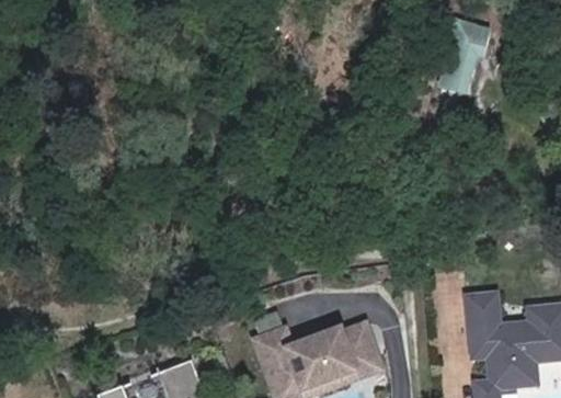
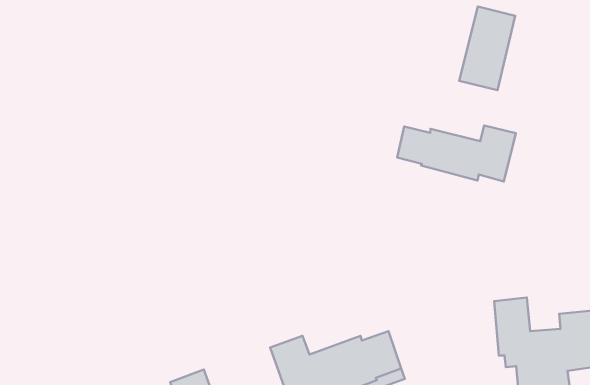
building: none -> [397,126,516,182]

